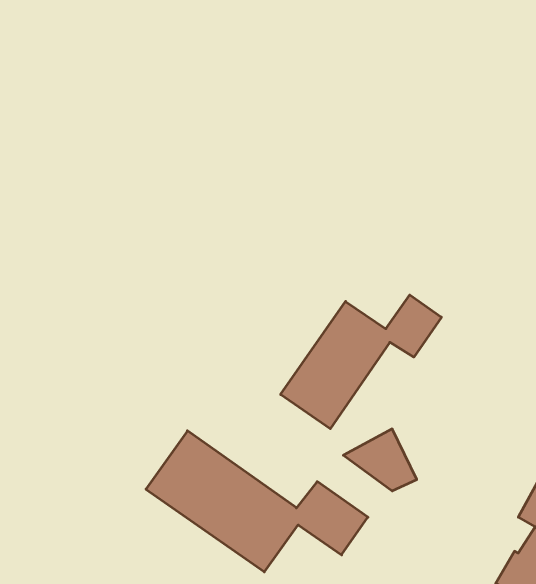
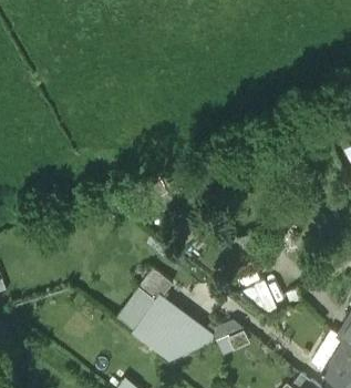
building: [281,295,441,429] -> none

